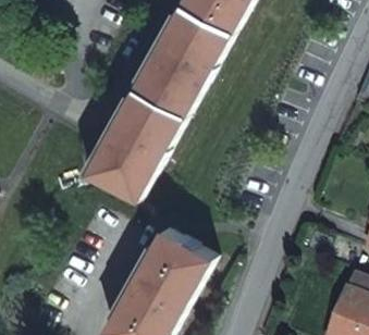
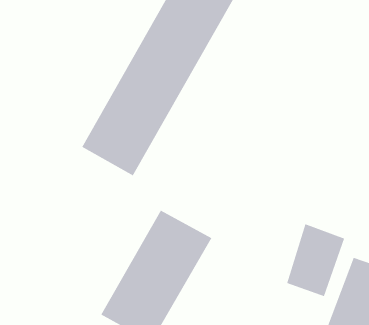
building: none -> [286,223,345,297]

